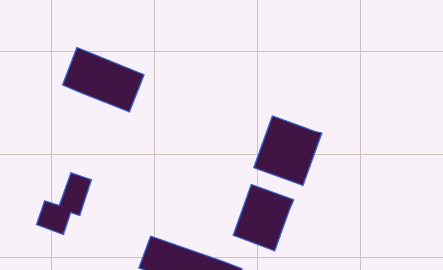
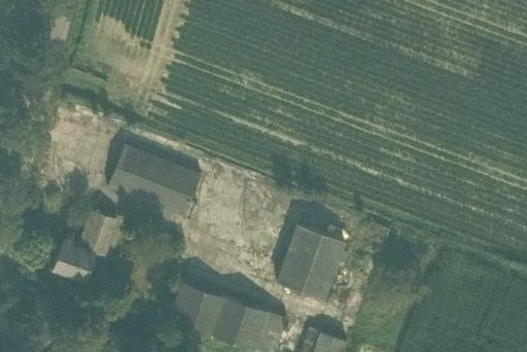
building: [62,48,144,112] -> [108,145,201,218]
building: [254,116,322,186] -> none

